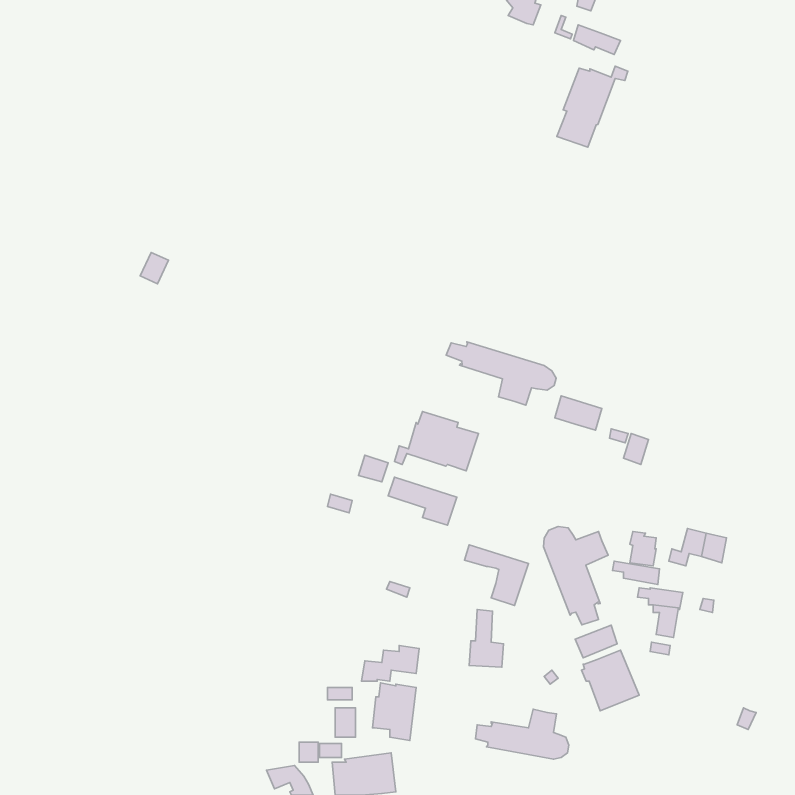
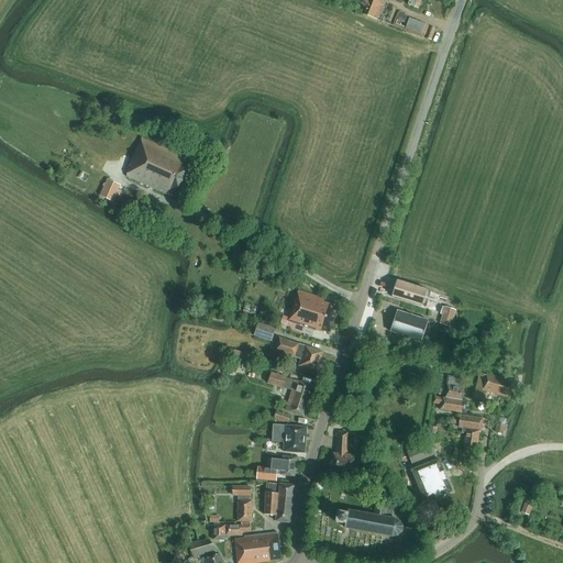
building: [557,66,628,147] -> none
building: none -> [125,137,195,199]
building: [446,342,556,405] -> none
building: none -> [389,310,428,341]
building: [543,526,608,625] -> none
building: [465,545,528,605] -> [266,372,311,415]
building: none -> [272,423,306,452]

